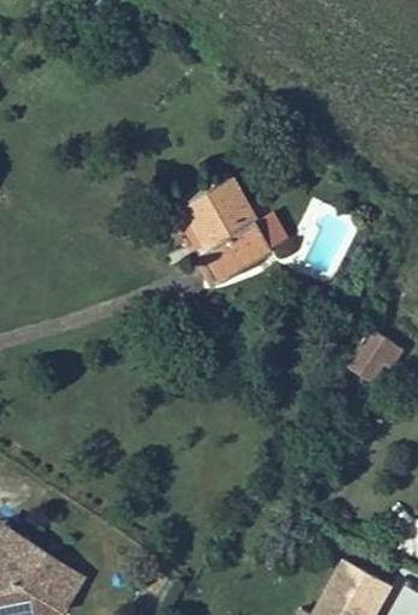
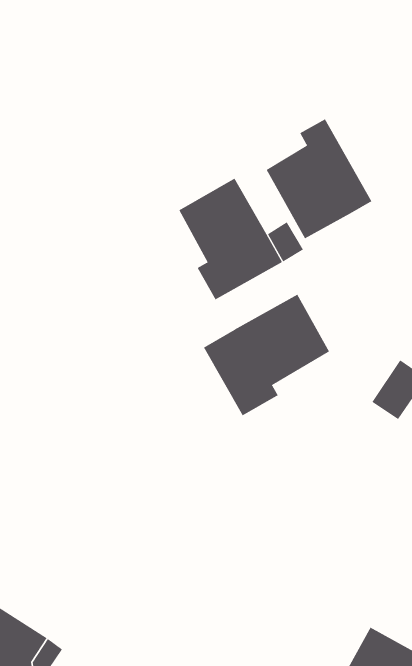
building: none -> [266,118,372,239]
building: none -> [203,294,330,416]

